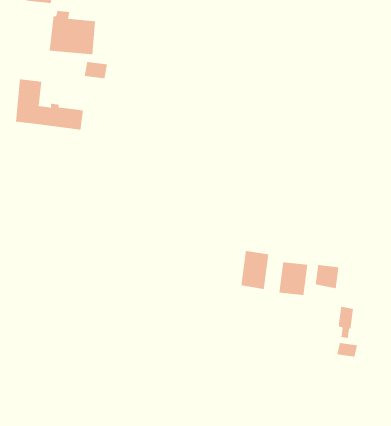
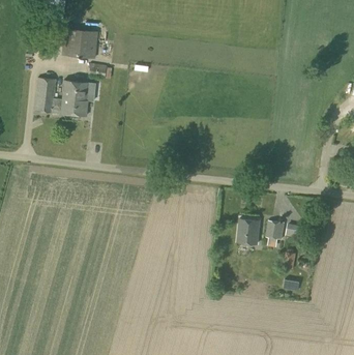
building: none -> [62,79,88,100]
building: [241,250,269,290] -> none

